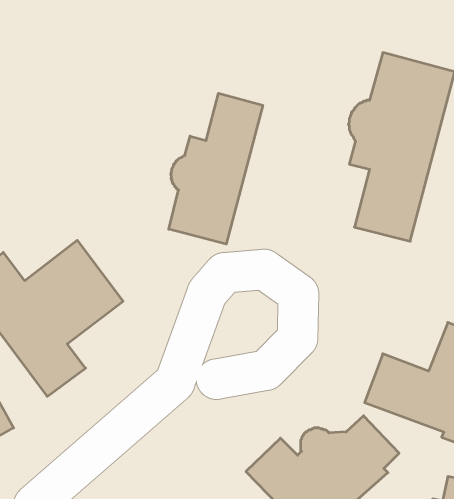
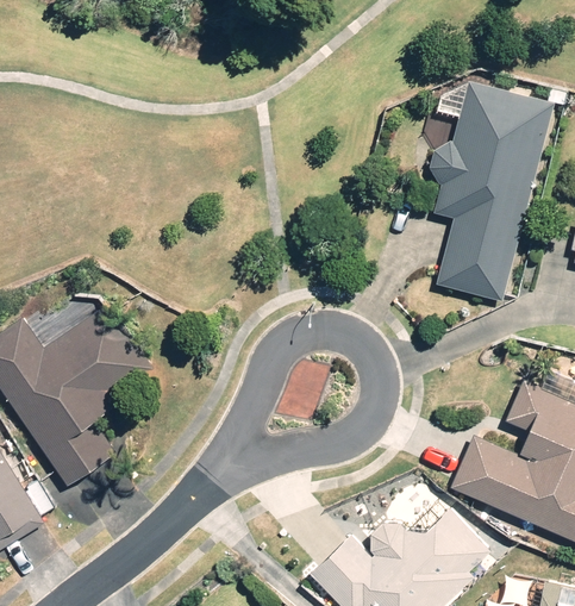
building: [169,93,263,244] -> none

